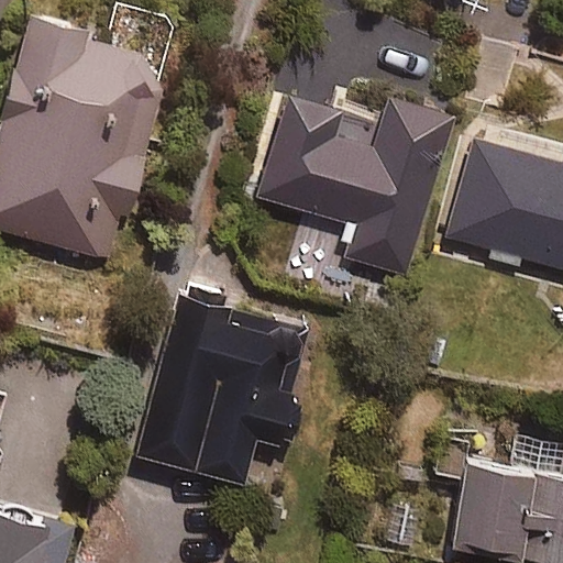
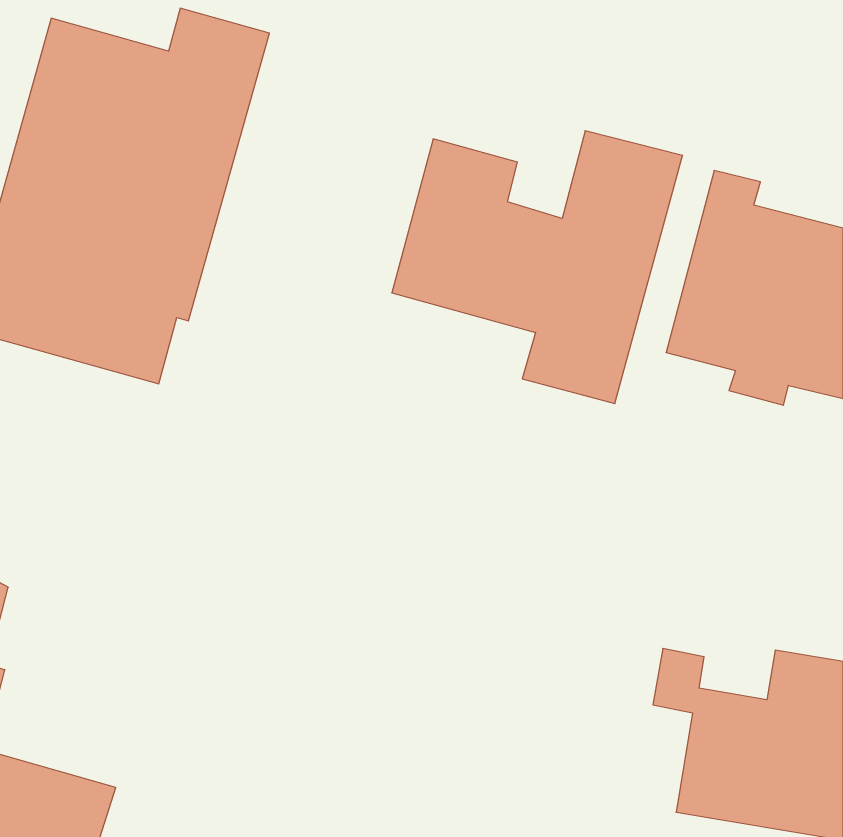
building: [139,301,311,486] -> none

